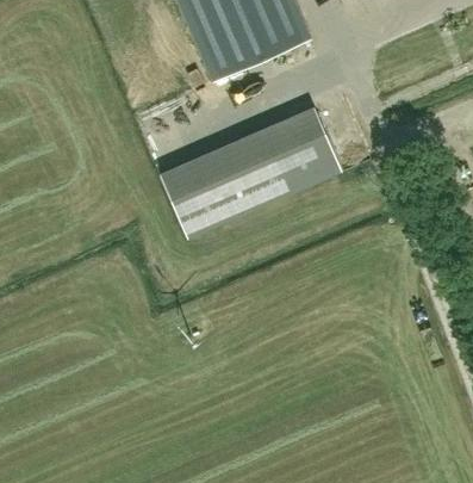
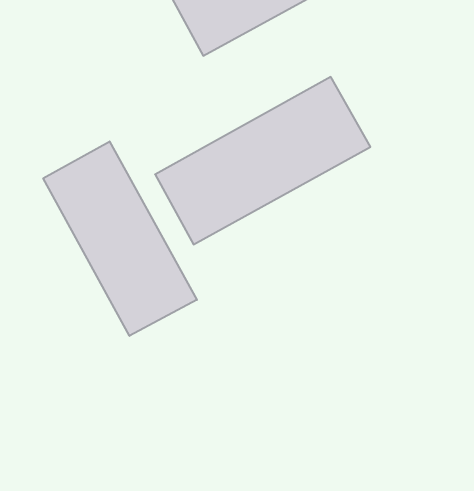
building: none -> [43,141,197,336]

